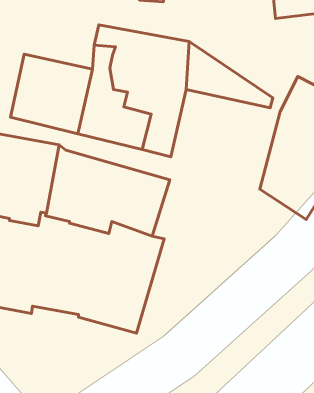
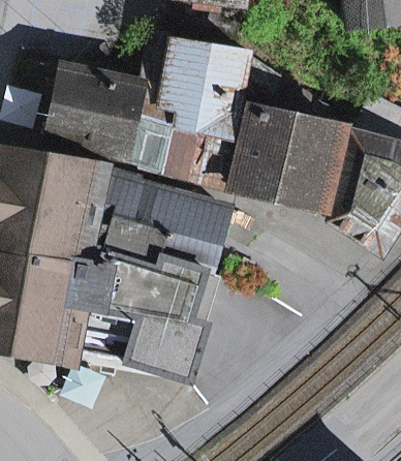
building: none -> [224,110,336,207]

